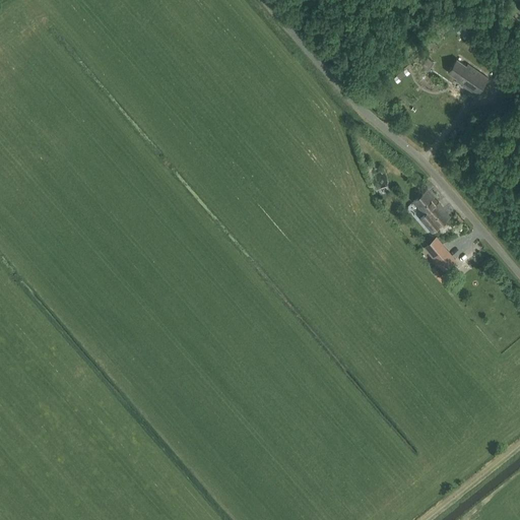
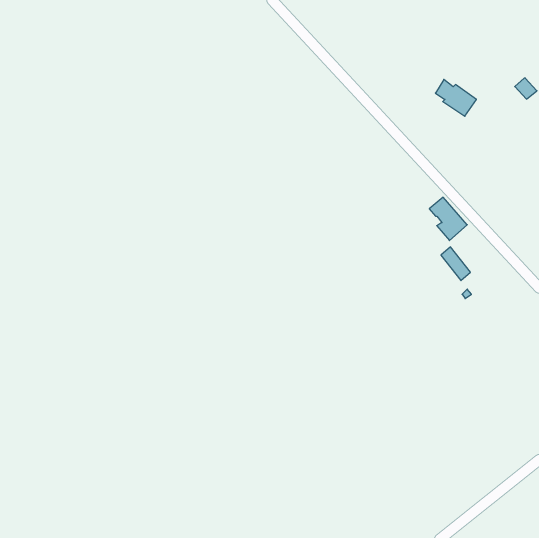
building: [449,60,489,95] -> [435,79,476,116]

